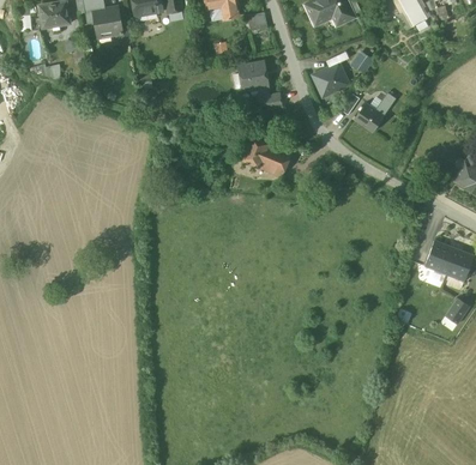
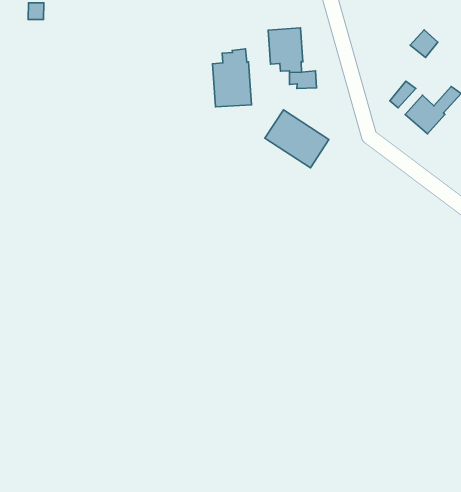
building: [313,64,349,97] -> none
building: none -> [213,49,251,107]

